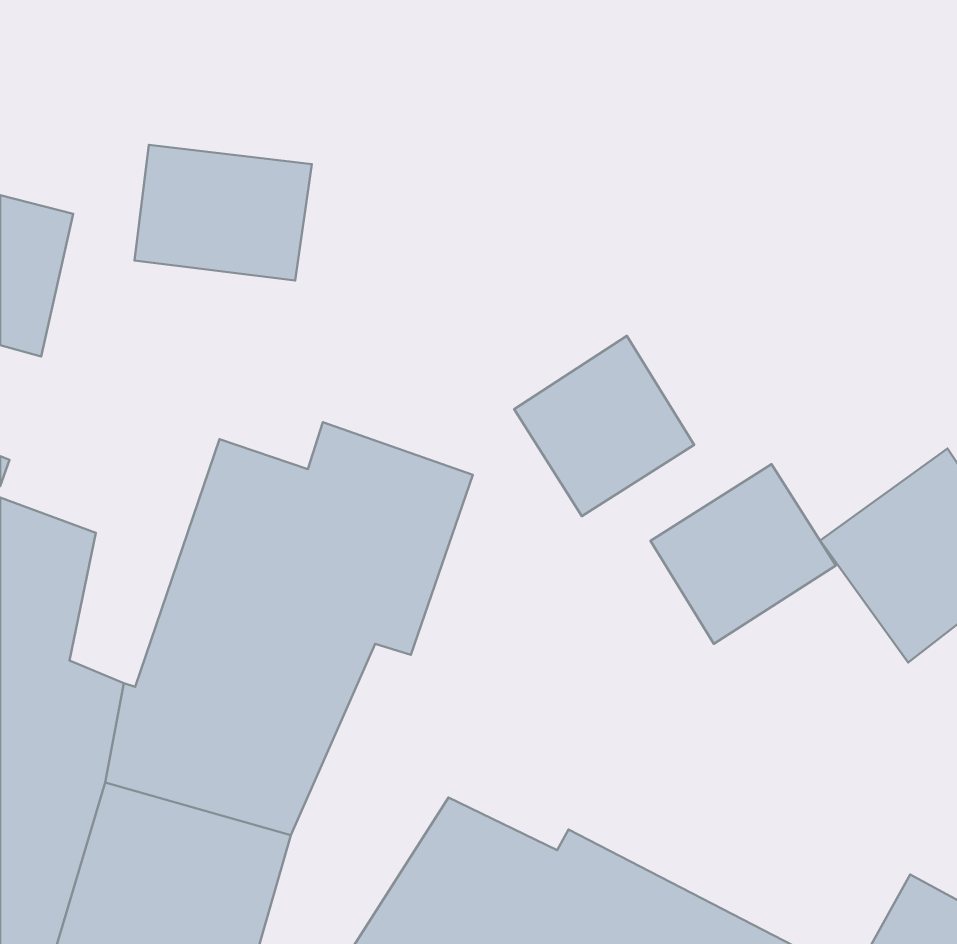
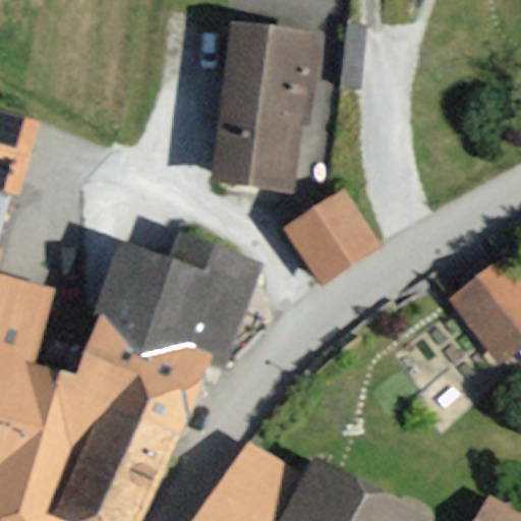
building: none -> [209,19,320,193]
building: [134,145,312,280] -> none
building: [651,464,836,644] -> none

